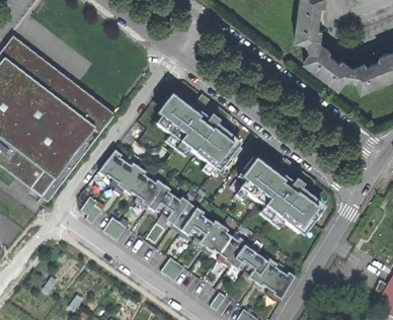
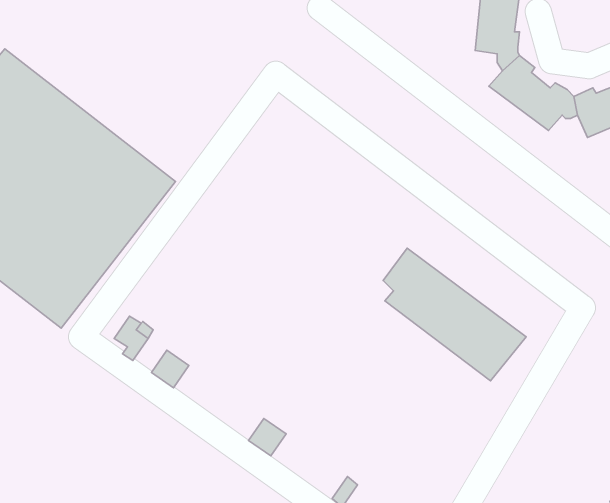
building: [157,93,240,171] -> none
building: [98,150,295,301] -> none

